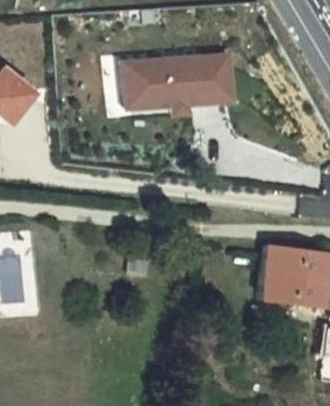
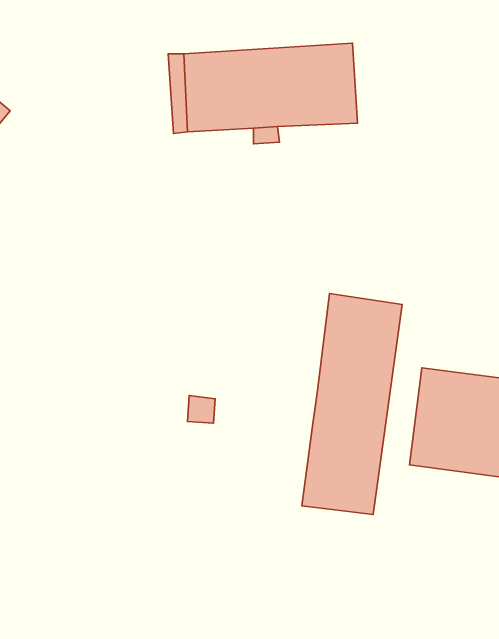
building: none -> [302,294,402,514]

